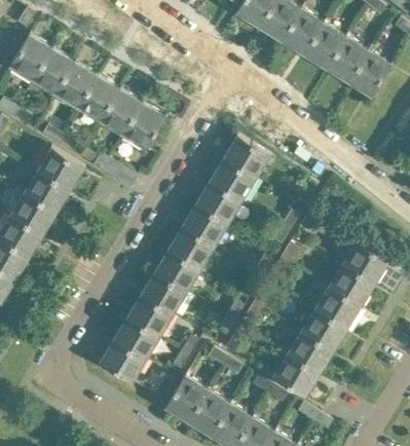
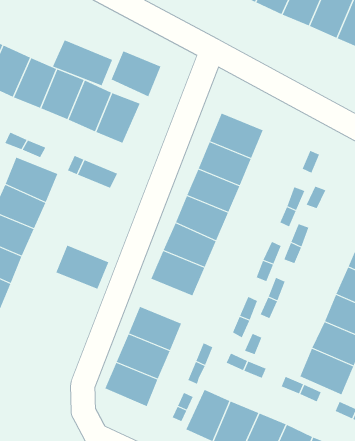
building: none -> [52,39,113,86]
building: none -> [111,50,161,97]
building: [140,271,188,314] -> [56,245,109,290]

